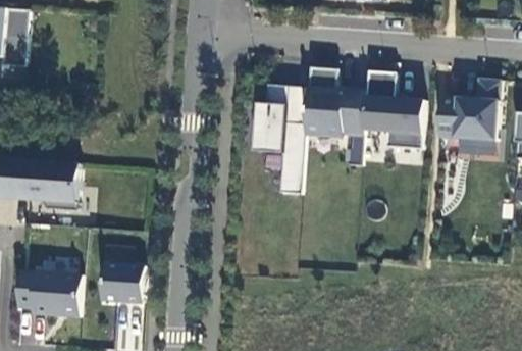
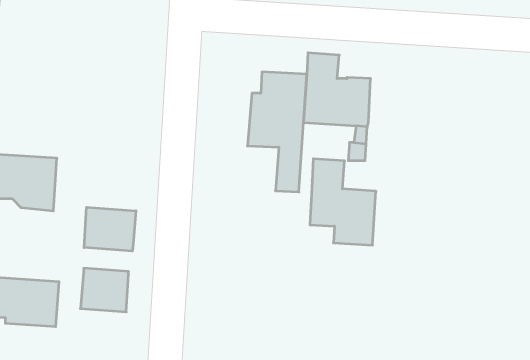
building: [364,71,424,150] -> [310,159,376,245]
building: [437,80,500,142] -> none
building: none -> [84,207,136,251]

